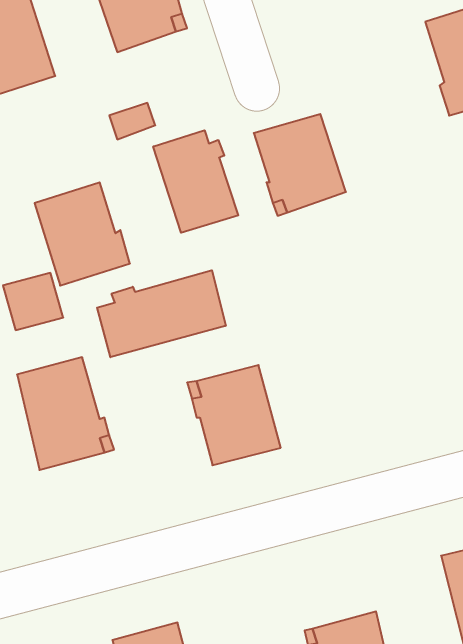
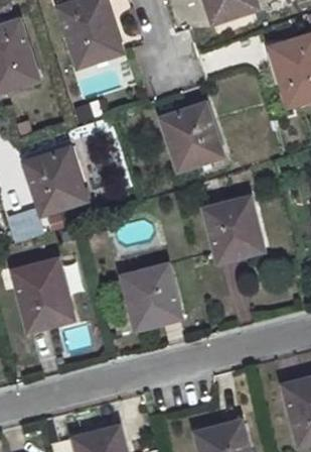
building: [153,130,238,233] -> none
building: none -> [204,198,262,260]
building: [97,270,226,357] -> none

